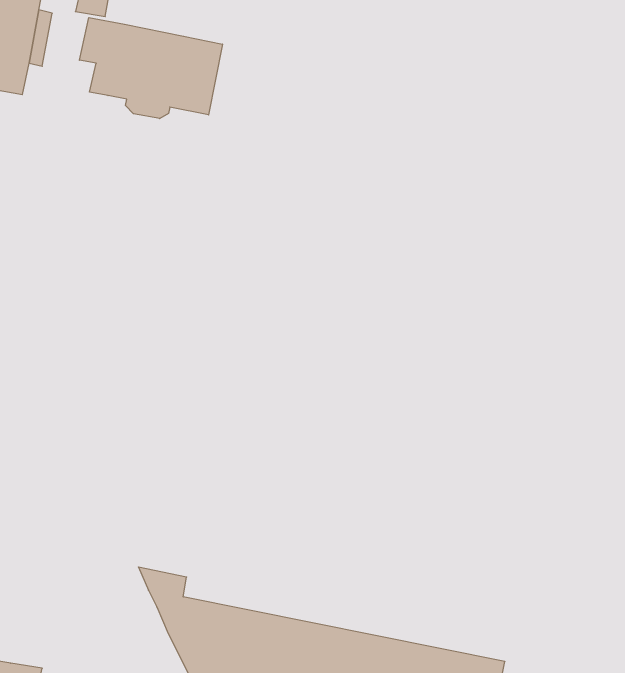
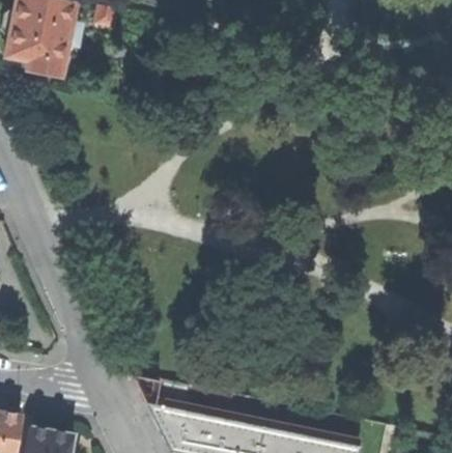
building: [79,18,222,119] -> none

